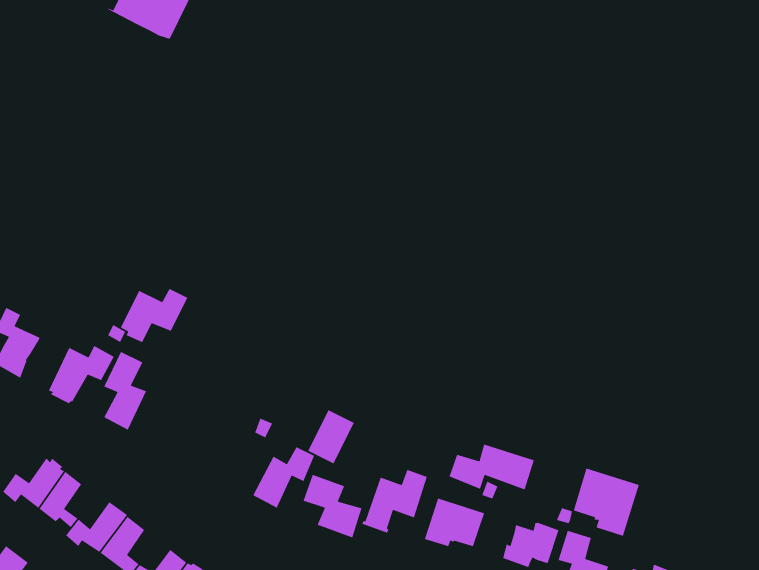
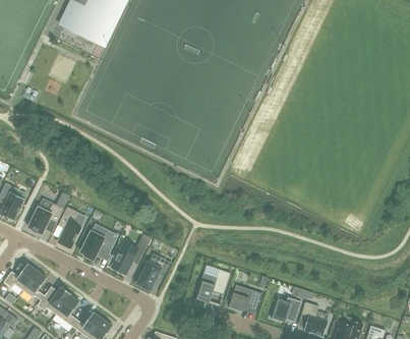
building: [120,288,188,343] -> [80,230,117,260]
building: [307,409,355,465] -> [111,244,136,274]
building: [449,444,535,490] -> none
building: [573,468,640,537] -> none
building: [303,474,363,538] -> none

